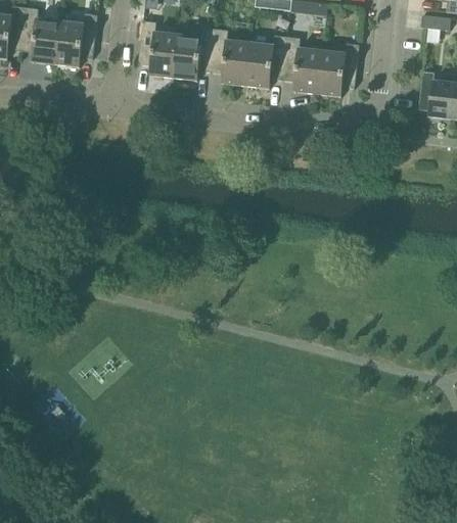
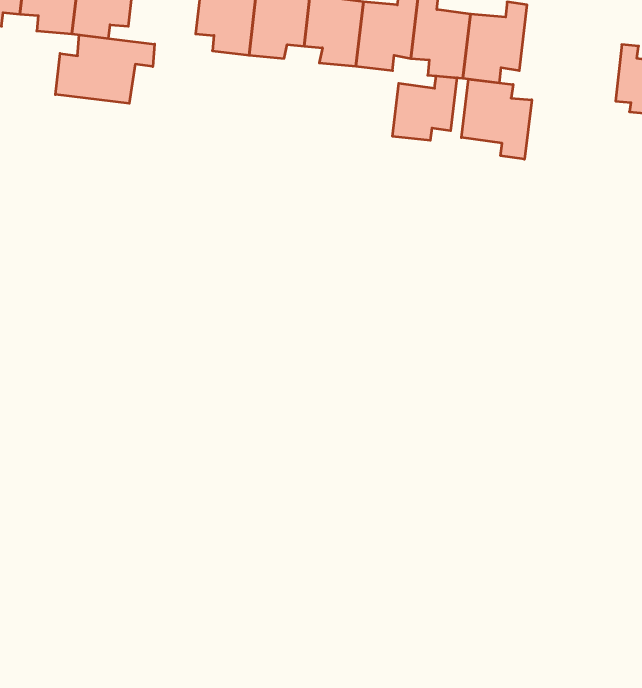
building: none -> [55,35,155,103]
building: none -> [393,76,457,140]
building: none -> [461,79,532,159]

